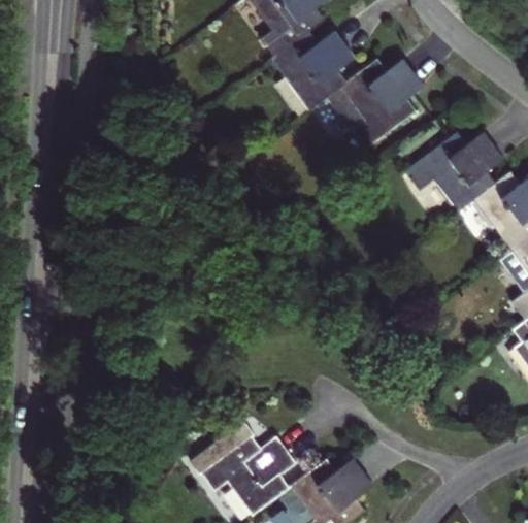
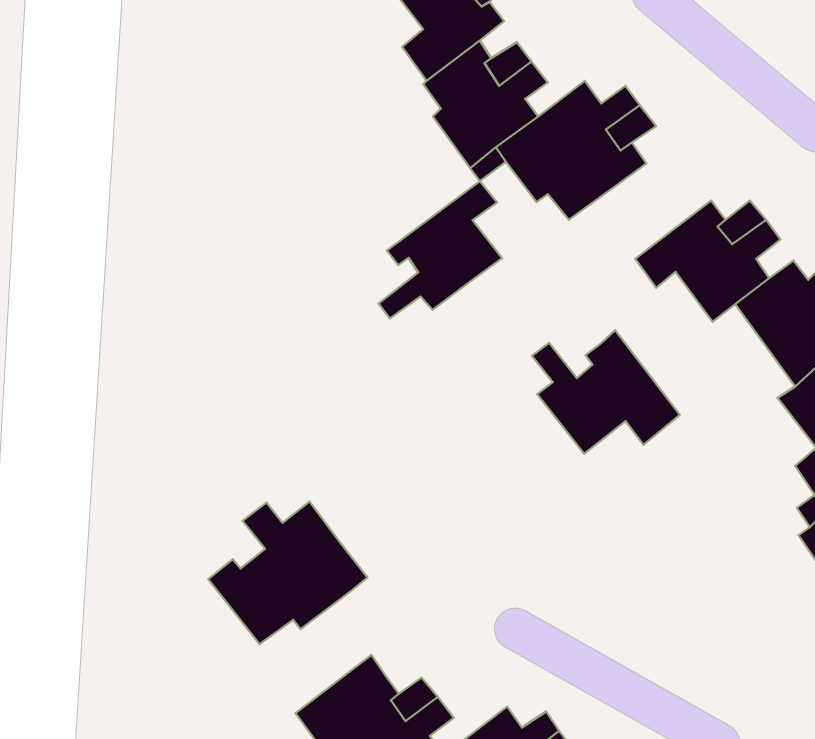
building: none -> [378,181,502,318]
building: none -> [532,330,680,454]
building: none -> [208,502,368,644]

